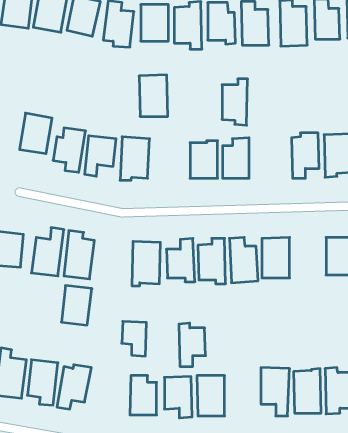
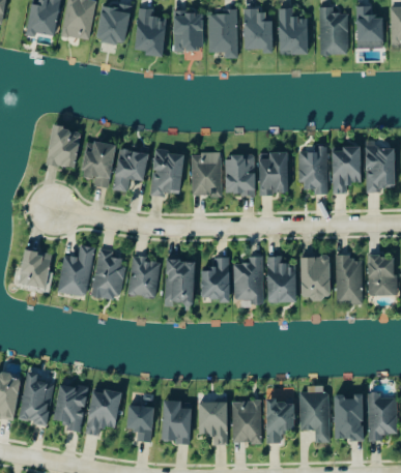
building: [139,75,168,116] -> [191,152,221,196]
building: [222,79,248,125] -> [299,146,326,195]
building: none -> [335,255,362,304]
building: [61,286,92,325] -> [127,257,160,298]
building: [122,321,146,356] -> [126,406,152,442]
building: [179,323,206,366] -> [265,397,293,443]

